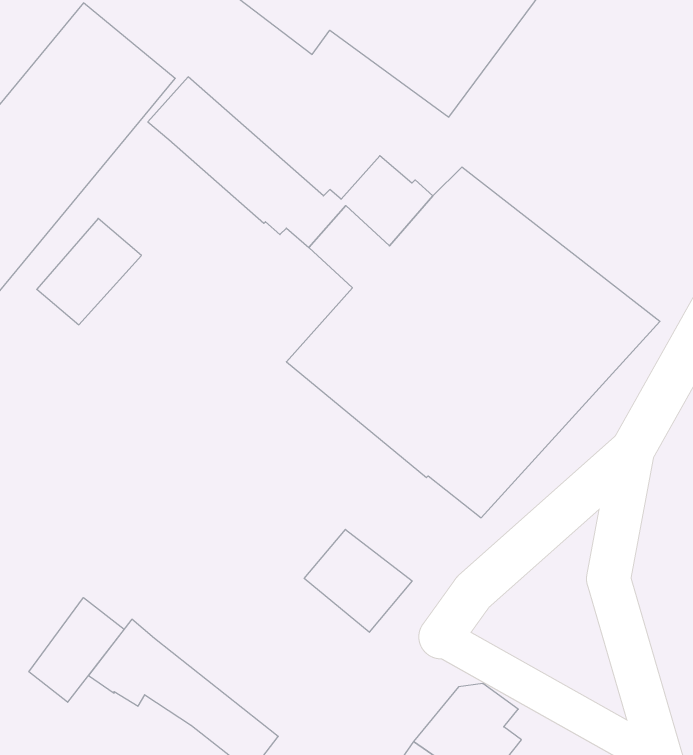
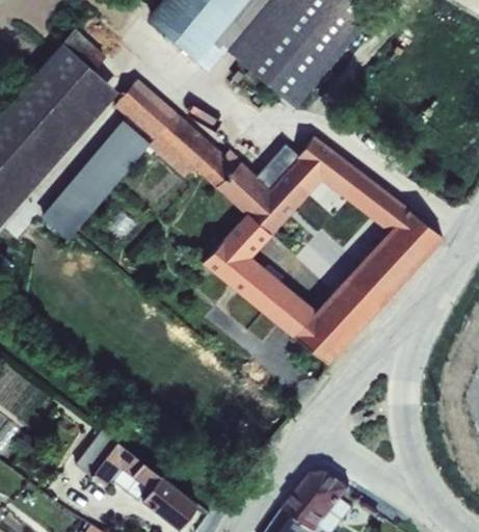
building: none -> [79,119,152,194]
building: [304,529,412,632] -> none
building: [29,598,124,702] -> none

